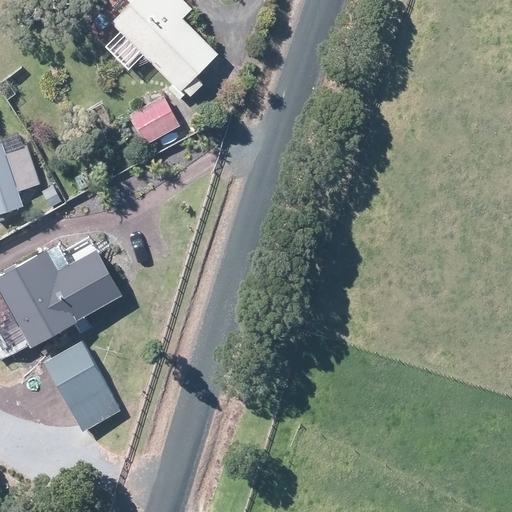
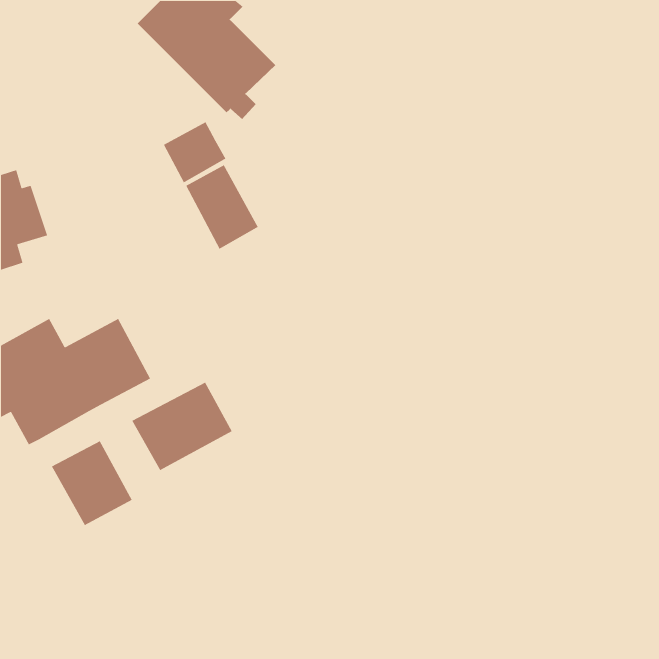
building: none -> [185,164,259,250]
building: none -> [131,381,233,471]

